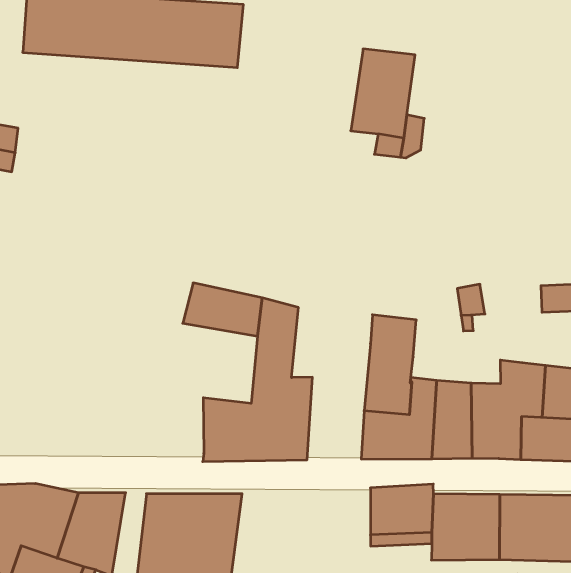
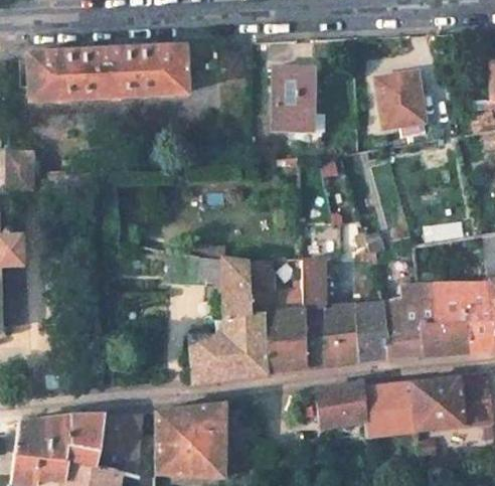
building: none -> [376,72,424,128]
building: none -> [250,261,308,372]

